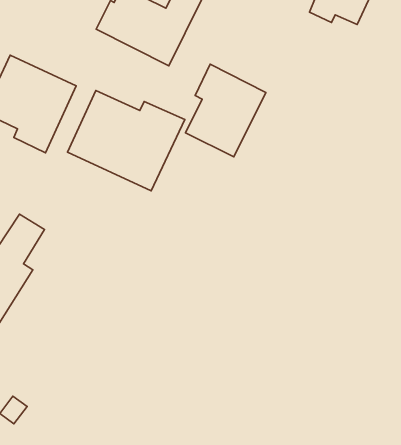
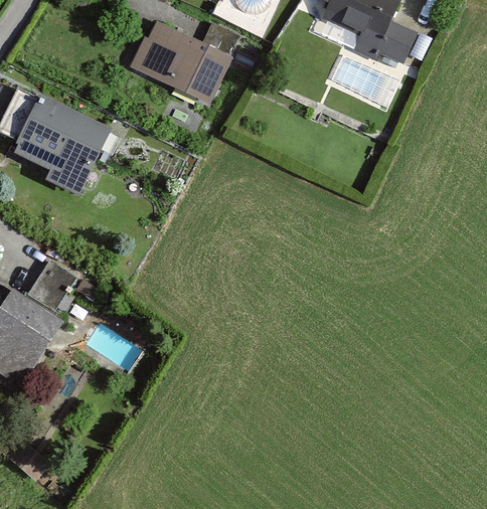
building: [186,64,266,157] -> none
building: [67,90,185,191] -> none

